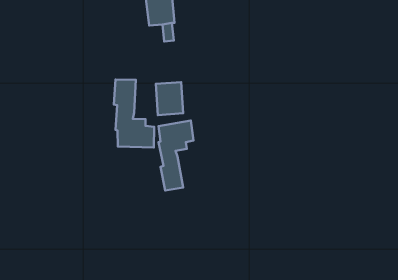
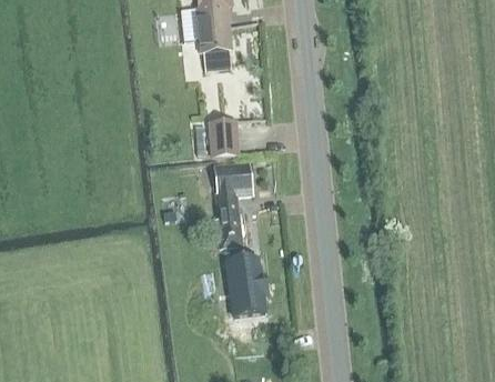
building: [114,80,154,148] -> none
building: none -> [226,258,266,315]

